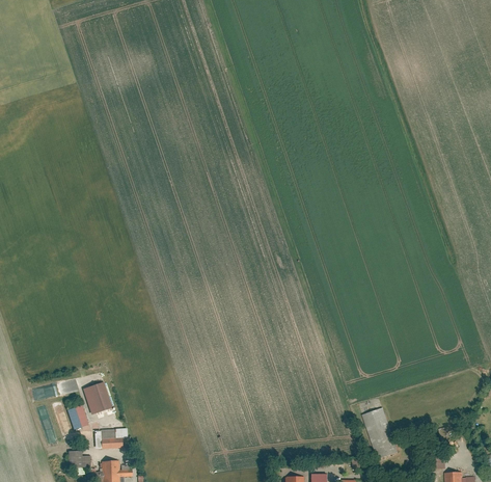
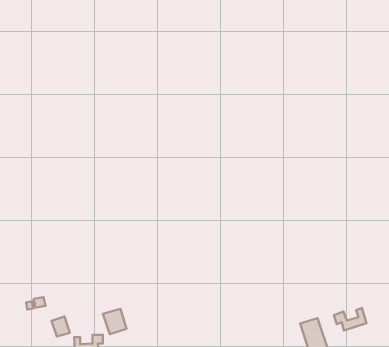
building: [84,383,112,413] -> [103,309,126,334]
building: none -> [334,308,366,330]

